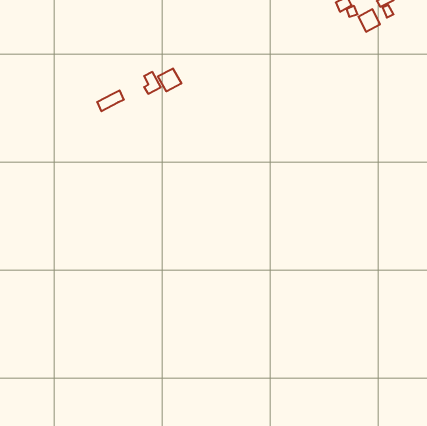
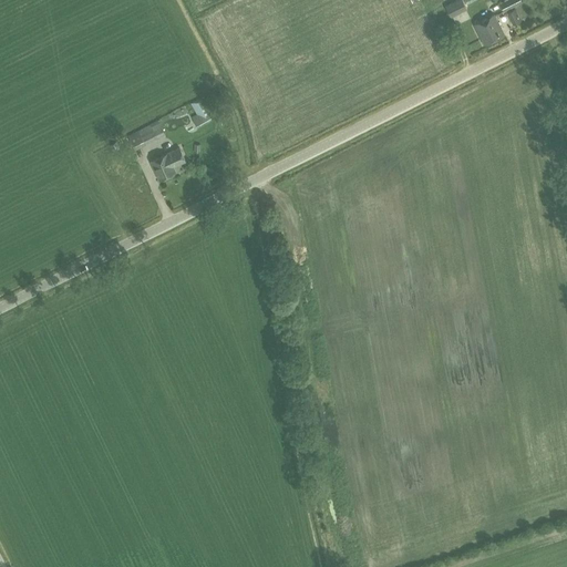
building: [158,68,181,91] -> none
building: none -> [150,145,185,178]

